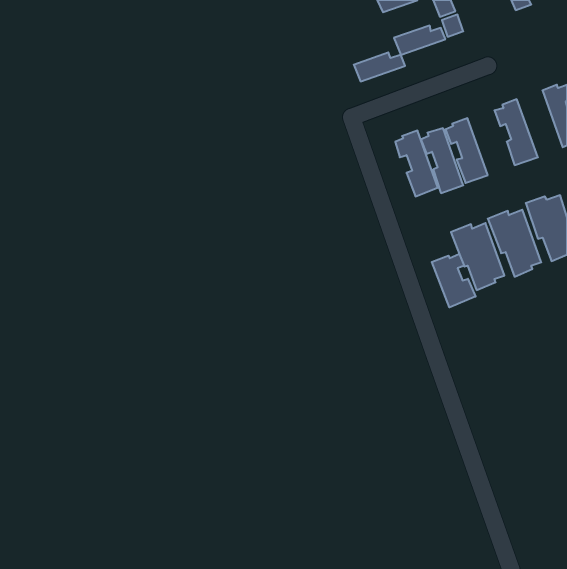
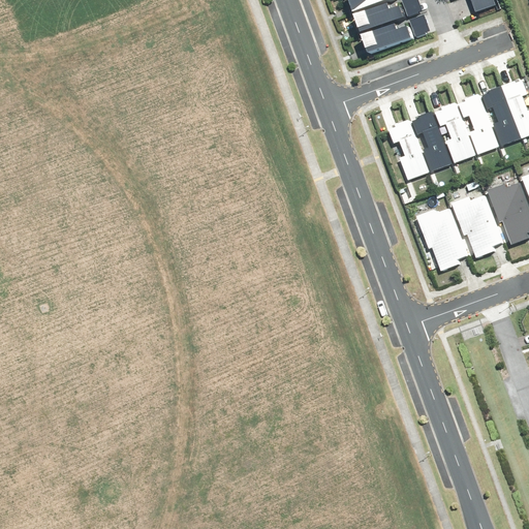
building: [354,52,405,81] -> [357,6,405,33]
building: none -> [479,86,520,146]
building: [395,131,438,196] -> [435,102,474,163]
building: [432,254,476,307] -> none

